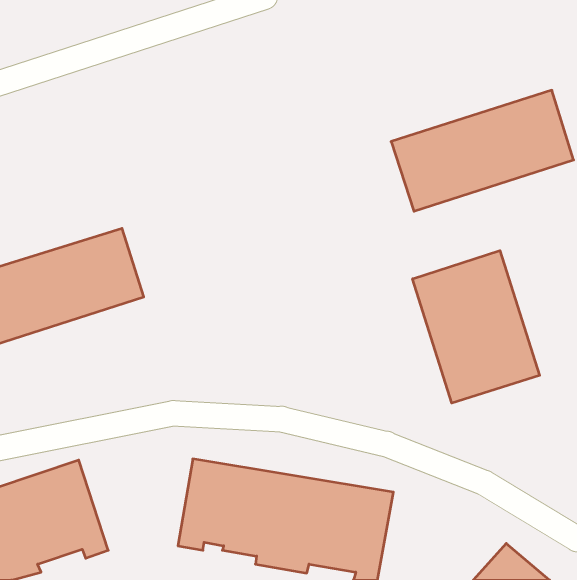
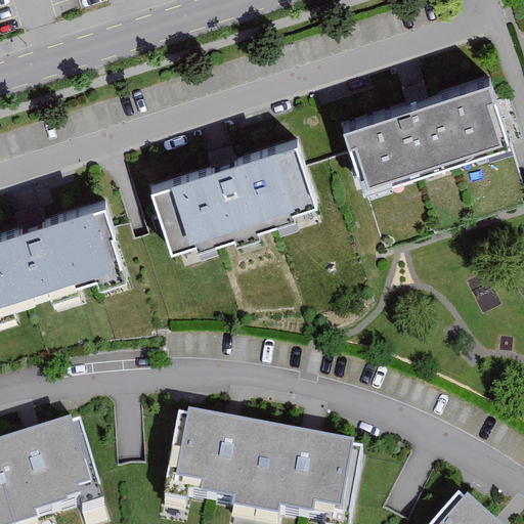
building: none -> [155,143,318,251]
building: [413,251,540,403] -> none

